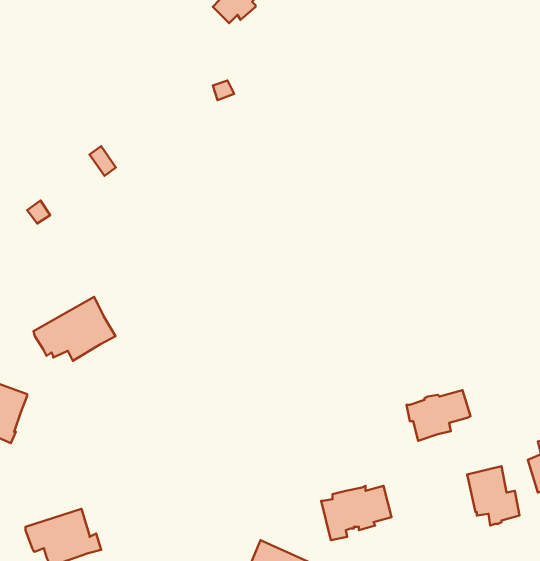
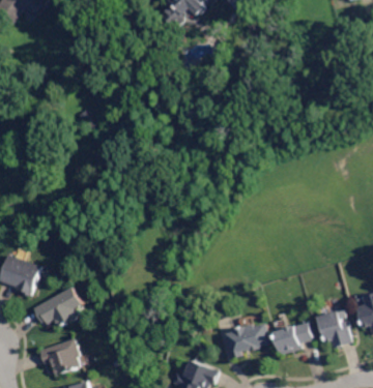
building: [33,297,115,361] -> [33,287,85,327]
building: [407,390,471,441] -> [274,323,314,355]

